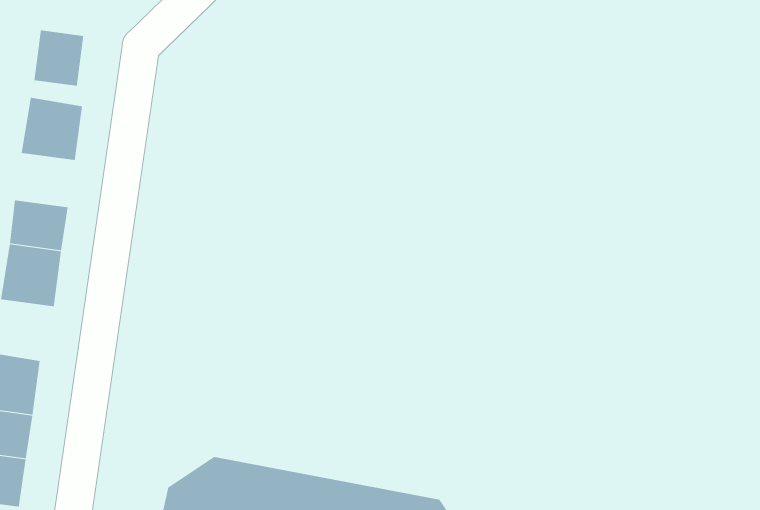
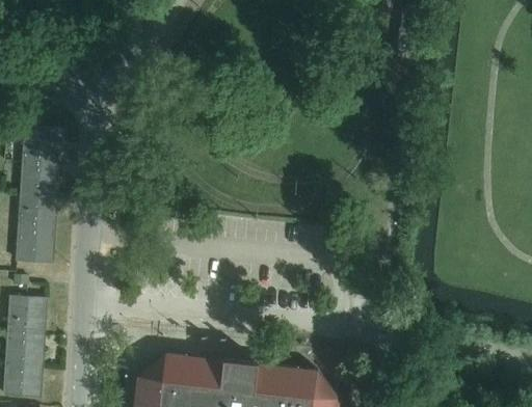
building: [34,30,84,87] -> none
building: none -> [20,164,58,197]

